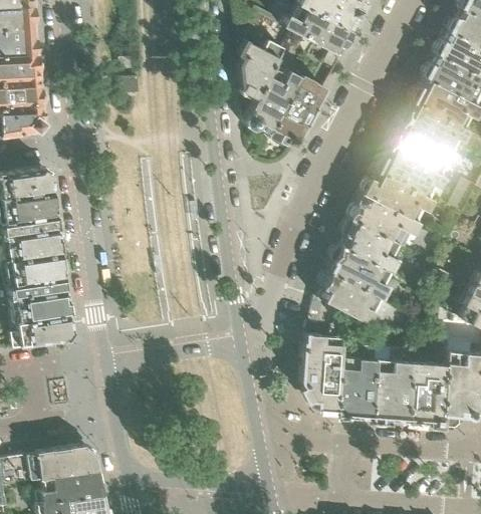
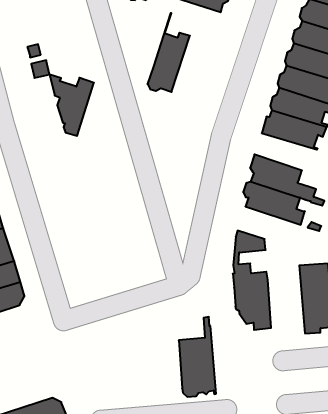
building: [238,29,285,101] -> [49,74,94,136]
building: [272,74,327,146] -> none
building: [351,194,421,242] -> none
building: [319,271,390,326] -> none
building: [338,335,381,421] -> [179,317,216,397]

